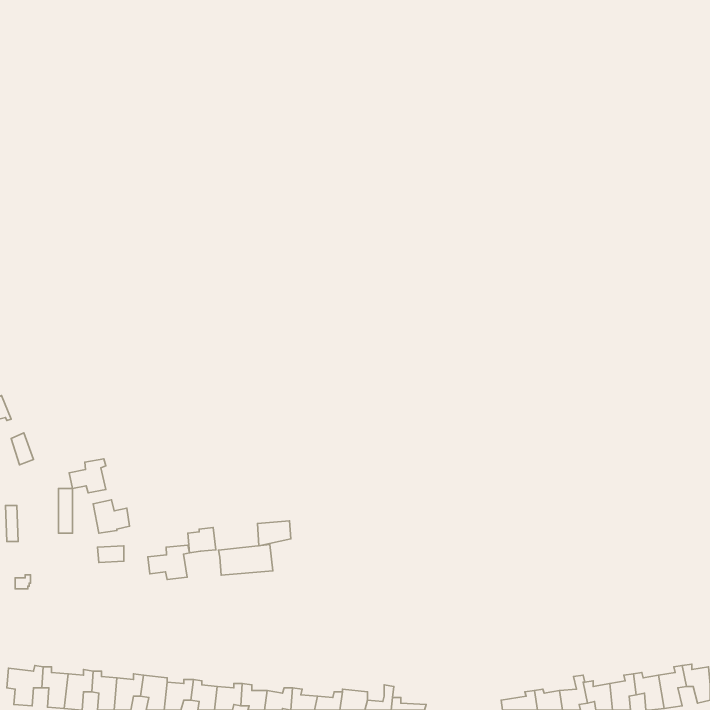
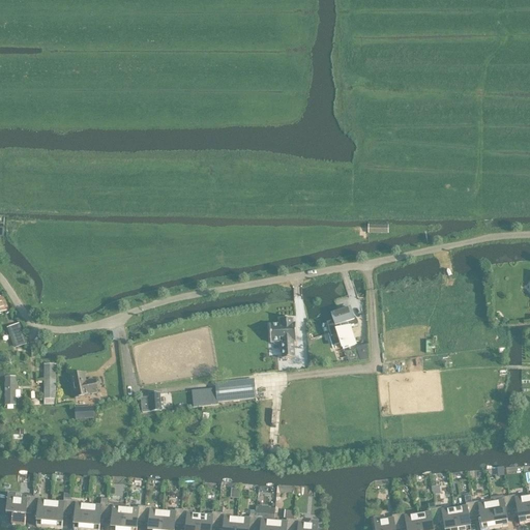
building: none -> [326,306,354,347]
building: none -> [268,317,295,357]
building: [69,459,106,493] -> none
building: [218,545,273,575] -> [214,378,255,401]
building: [148,545,189,579] -> none

